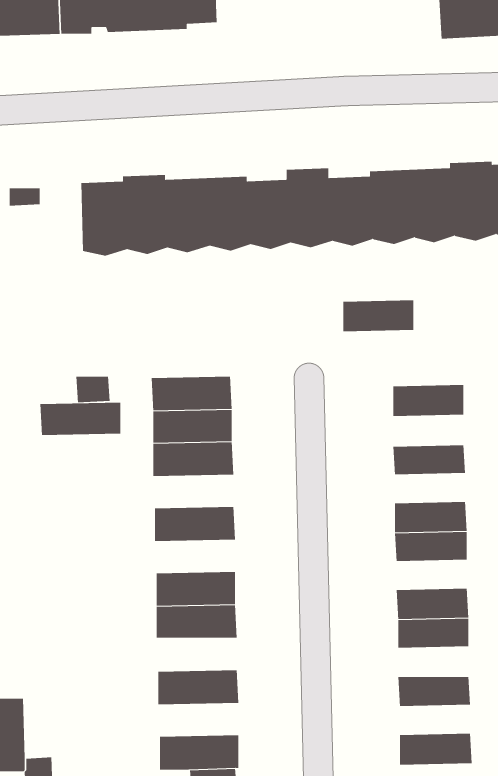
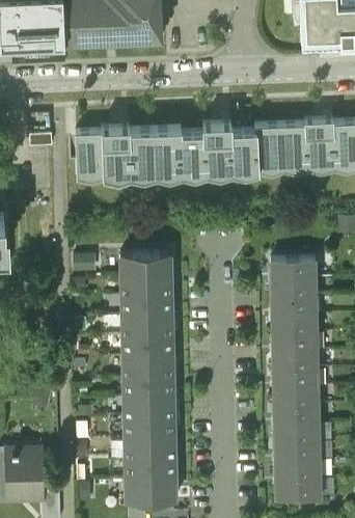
building: [342,300,414,332] -> [271,279,316,299]
building: [39,402,121,435] -> [121,317,172,337]
building: none -> [272,316,317,334]
building: none -> [122,357,173,378]
building: none -> [273,370,318,388]
building: none -> [124,418,174,439]
building: none -> [274,424,319,442]
building: none -> [125,459,175,480]
building: none -> [275,460,320,479]

